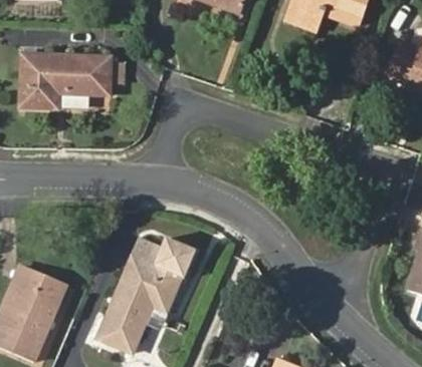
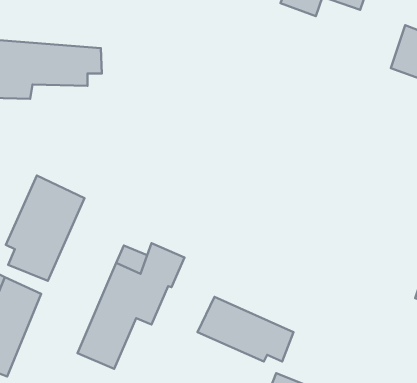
building: none -> [6,175,85,281]
building: none -> [197,297,294,362]

